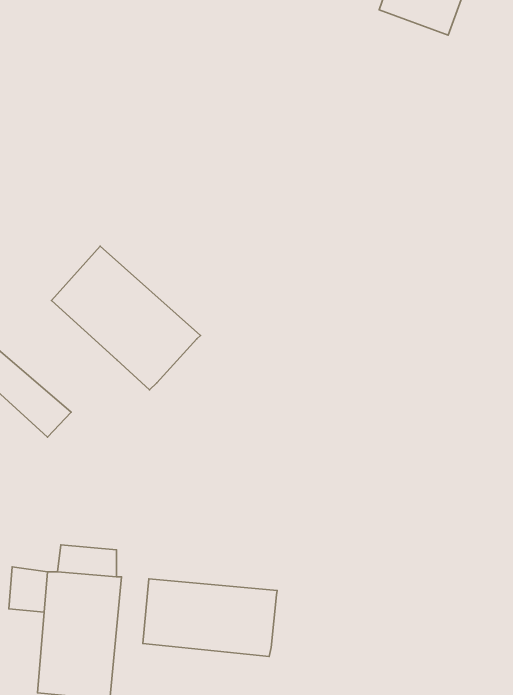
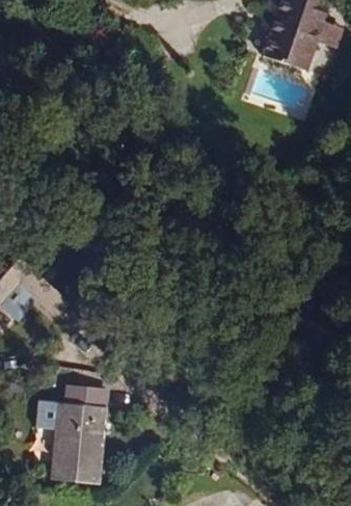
building: [51,246,201,390] -> none
building: [143,579,277,656] -> none

